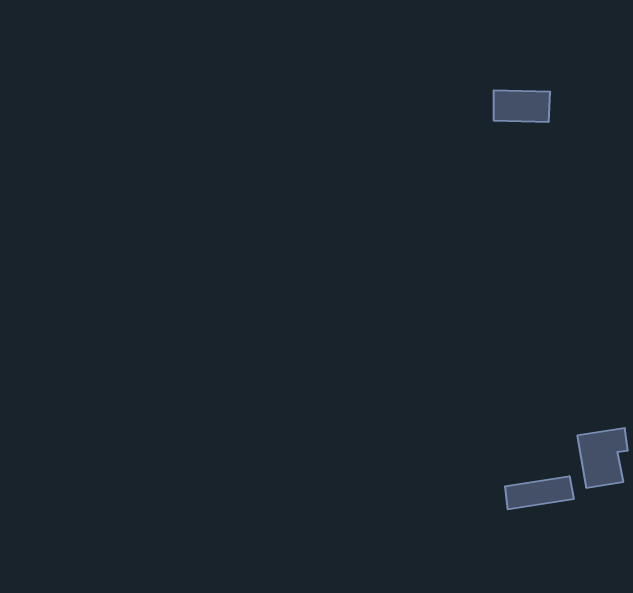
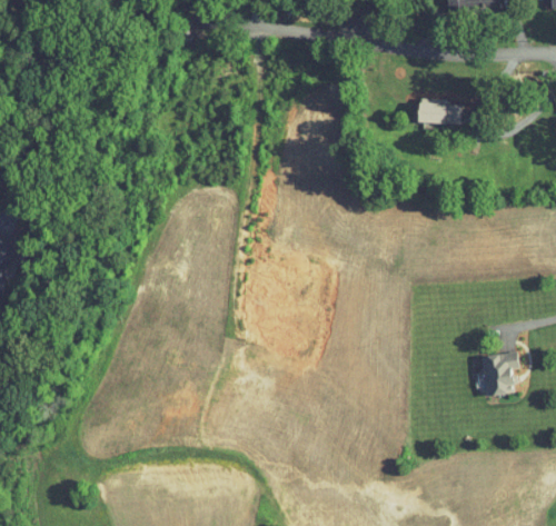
building: [505,476,574,509] -> none

